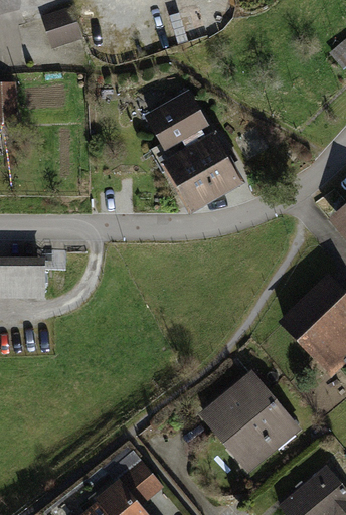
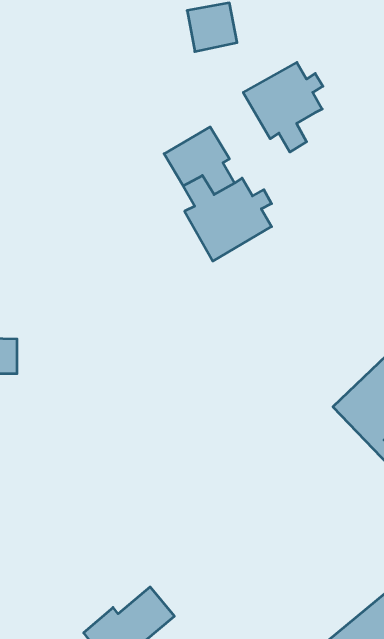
building: [42,9,81,48] -> none
building: none -> [243,62,323,152]
building: [204,377,296,463] -> none

